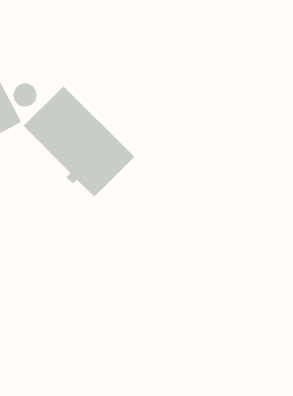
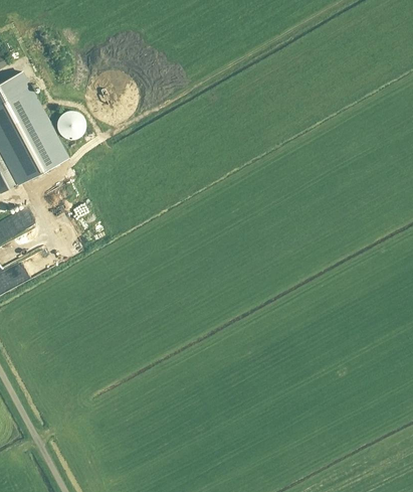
building: [23,86,135,197] -> none

